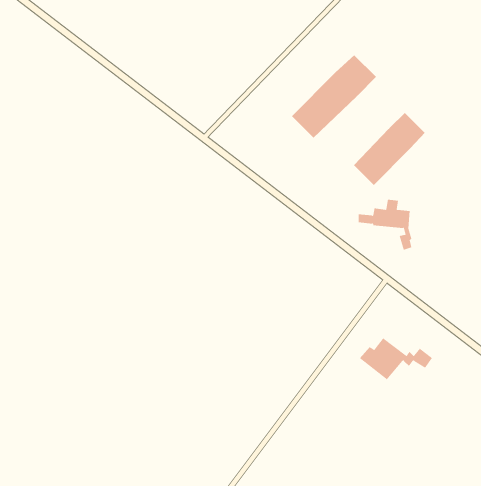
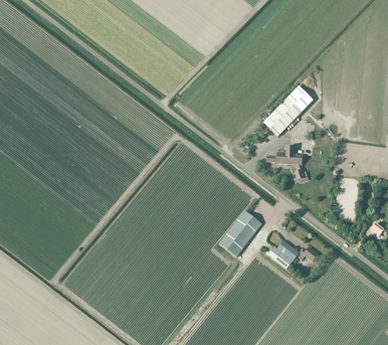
building: [291,54,377,139] -> none
building: none -> [219,209,262,256]

